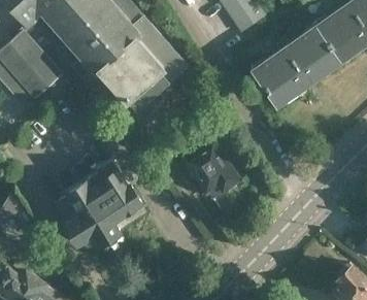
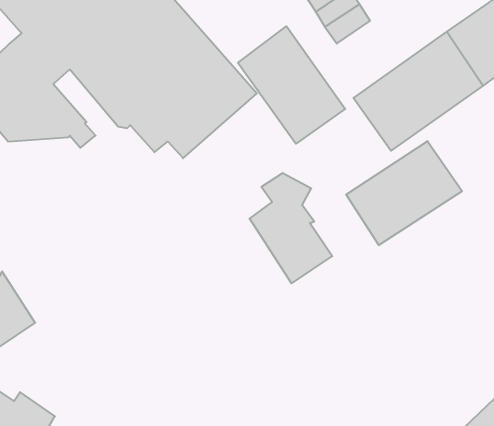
building: none -> [238,26,345,144]
building: none -> [346,141,462,245]
building: [62,170,142,245] -> none

